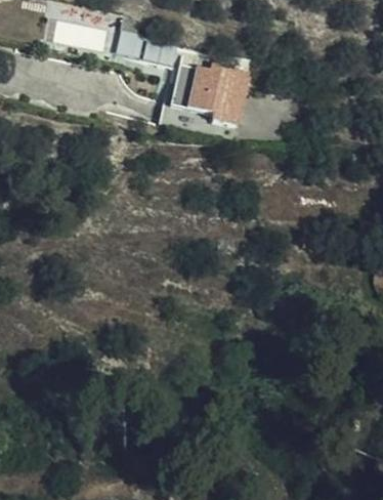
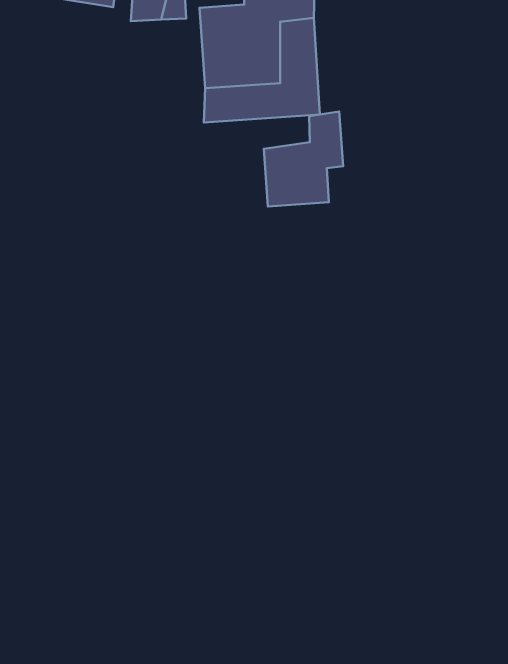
building: none -> [264,111,343,206]

